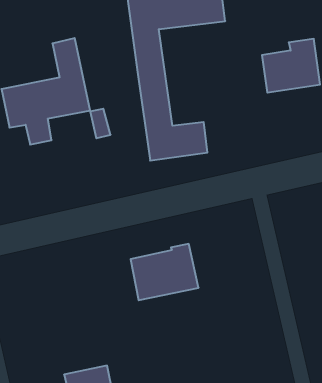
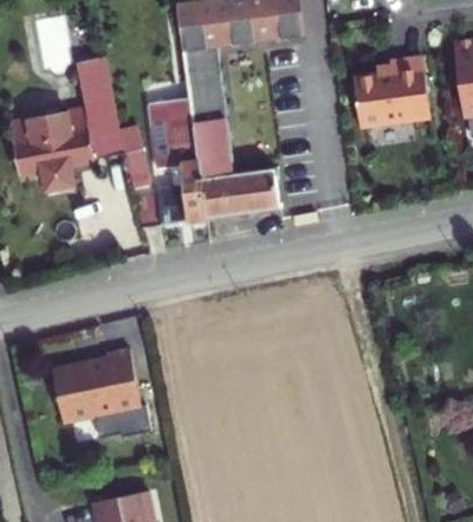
building: none -> [135,102,205,228]
building: [131,244,199,300] -> [52,349,142,424]

